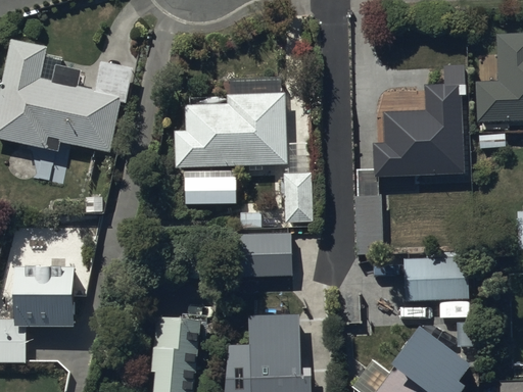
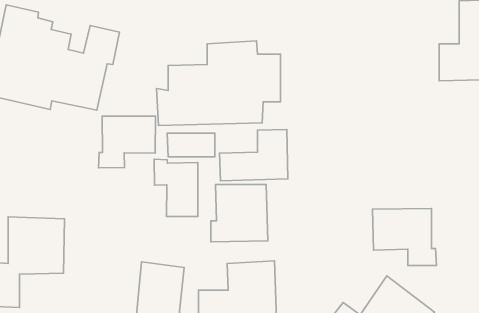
building: [358,64,465,254] -> none
building: none -> [99,116,155,168]
building: none -> [154,159,198,217]

